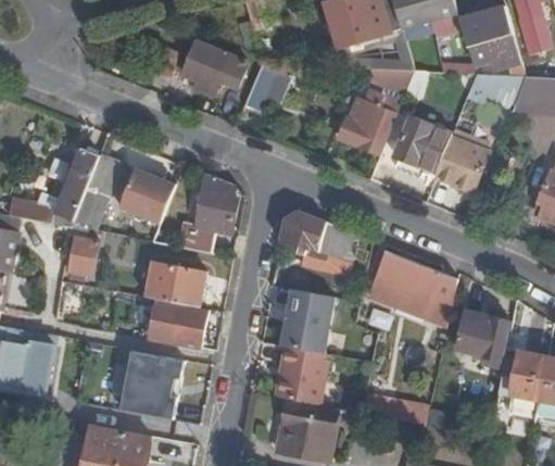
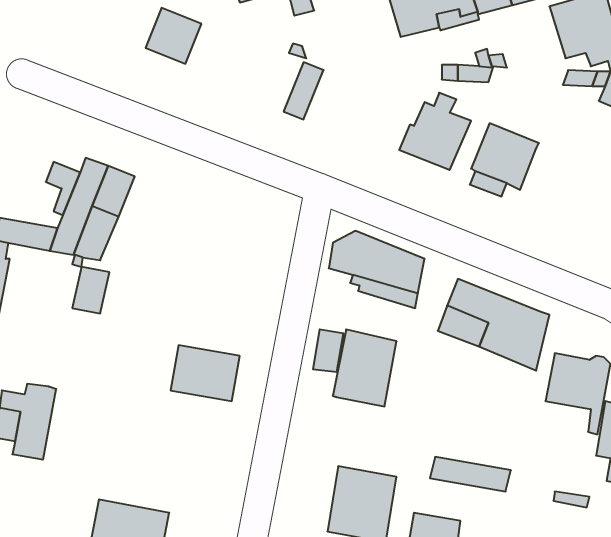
building: [181,45,227,90] -> [146,8,201,64]
building: [433,140,487,193] -> none
building: [119,167,174,222] -> none
building: [179,173,235,253] -> none
building: [146,263,204,306] -> none
building: [277,343,330,402] -> none
building: [117,351,182,420] -> none

